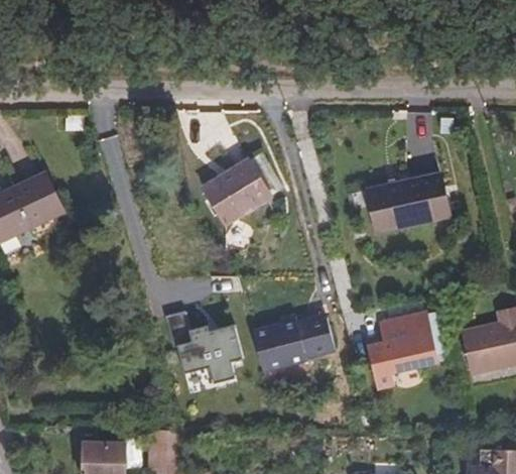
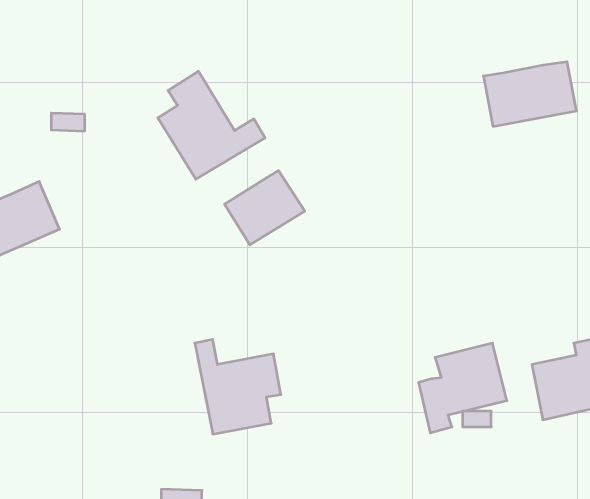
building: none -> [158,71,265,179]
building: [366,176,444,231] -> [483,62,577,126]
building: [256,305,343,371] -> none

